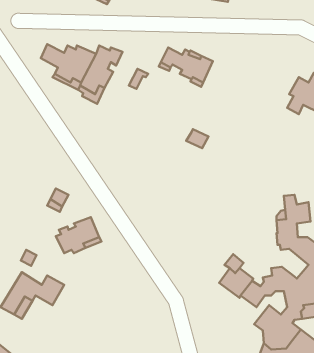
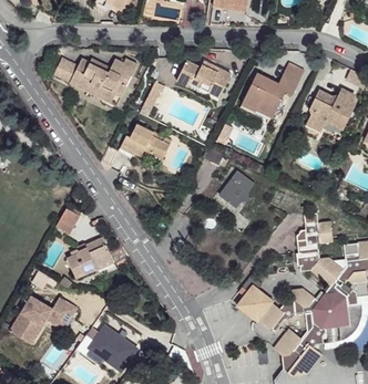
building: none -> [244,62,304,114]
building: none -> [120,125,171,159]
building: none -> [221,173,254,208]
building: none -> [88,328,135,369]

